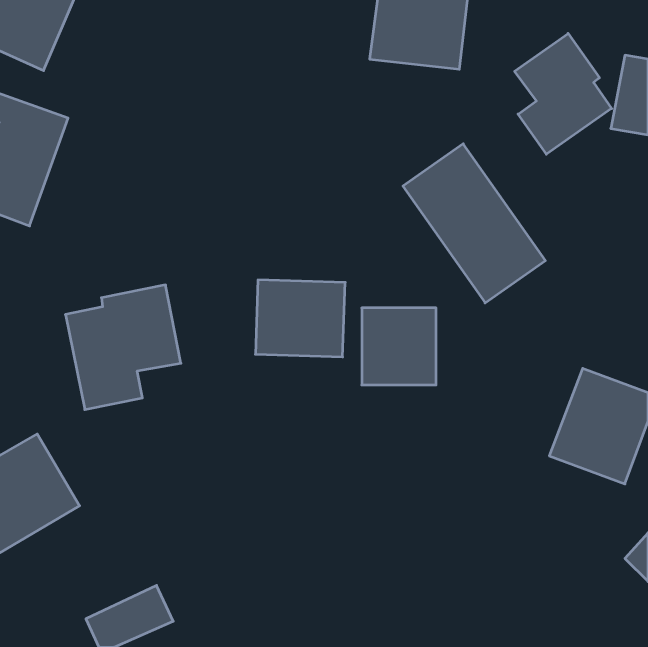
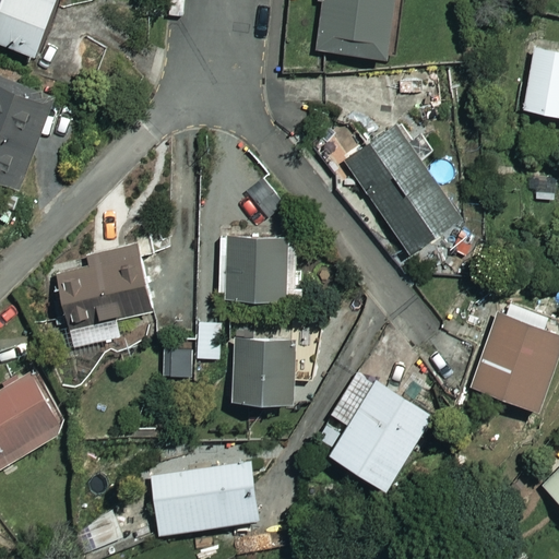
building: [515,33,612,154] -> none
building: [362,308,436,385] -> [233,343,296,408]
building: none -> [317,369,436,493]
building: none -> [152,460,261,534]

